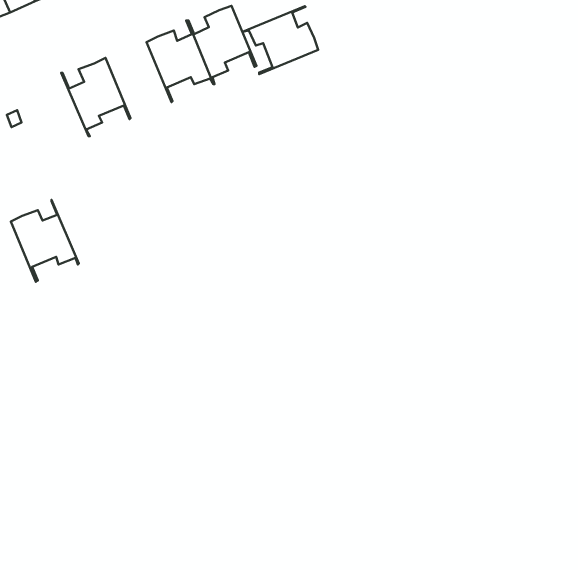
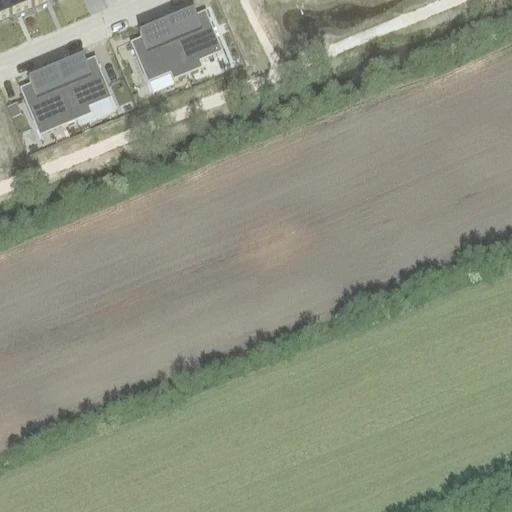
building: [243,6,318,74] -> none
building: [11,200,79,282] -> [18,64,78,136]

